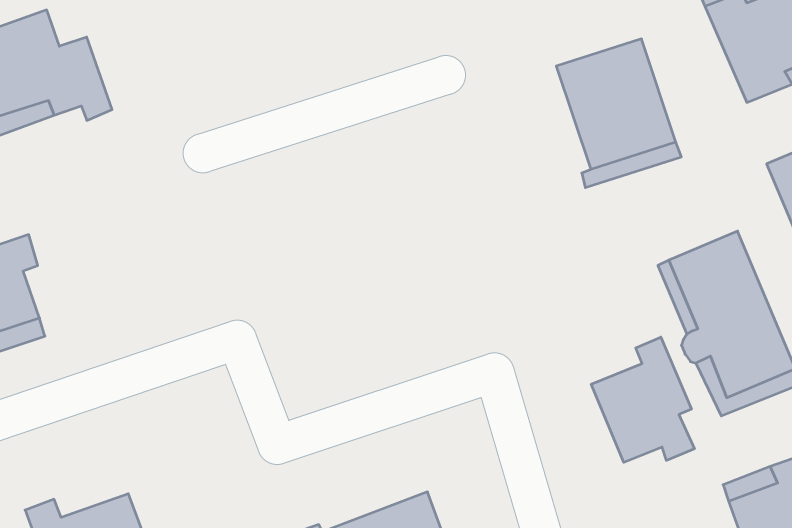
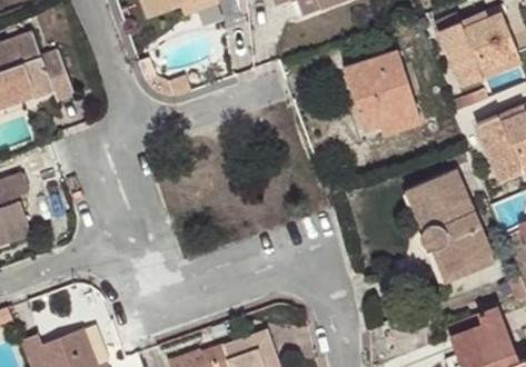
building: [591,337,694,462] -> none

